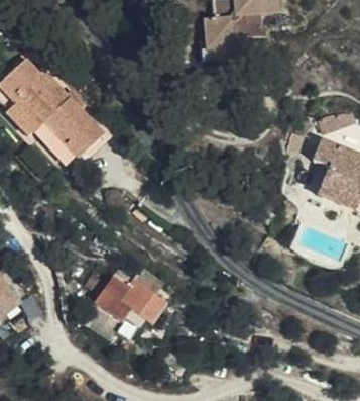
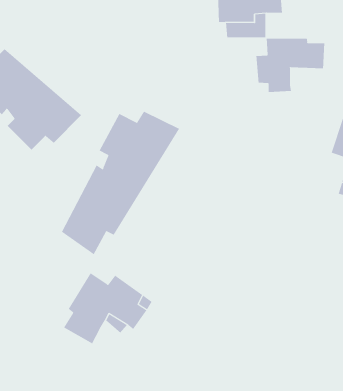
building: none -> [256,38,325,93]
building: none -> [61,111,180,255]

